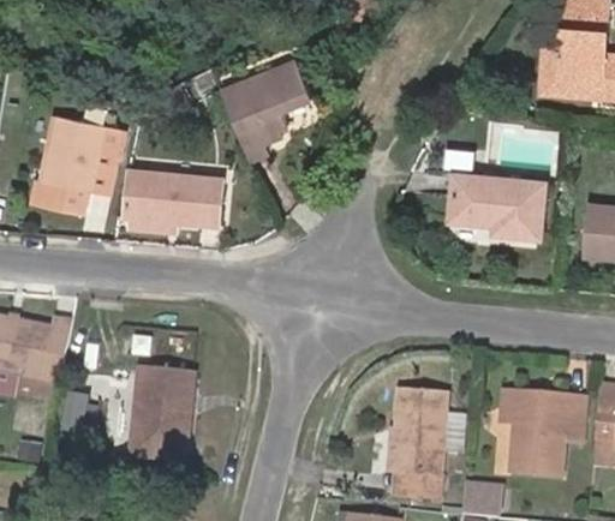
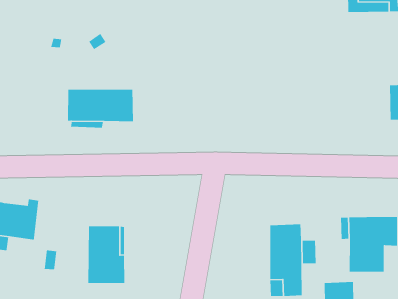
building: [220,60,310,146] -> none
building: [31,114,123,216] -> none
building: [450,175,545,238] -> none

